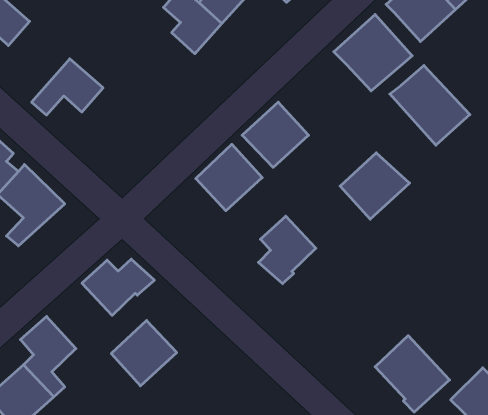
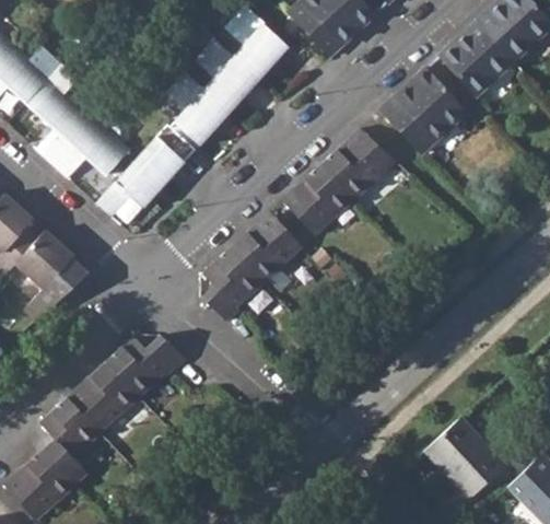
building: none -> [165,72,229,145]
building: none -> [34,84,93,164]
building: none -> [95,124,195,217]
building: [390,65,470,145] -> none
building: [340,153,410,219] -> [319,128,395,200]
building: [258,216,316,284] -> [200,247,262,321]
building: [111,320,177,386] -> [68,361,139,432]

